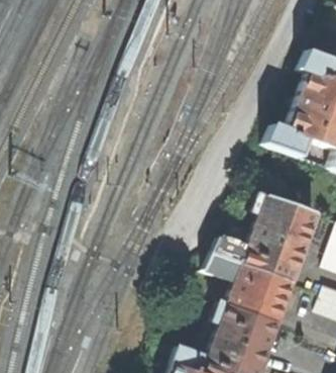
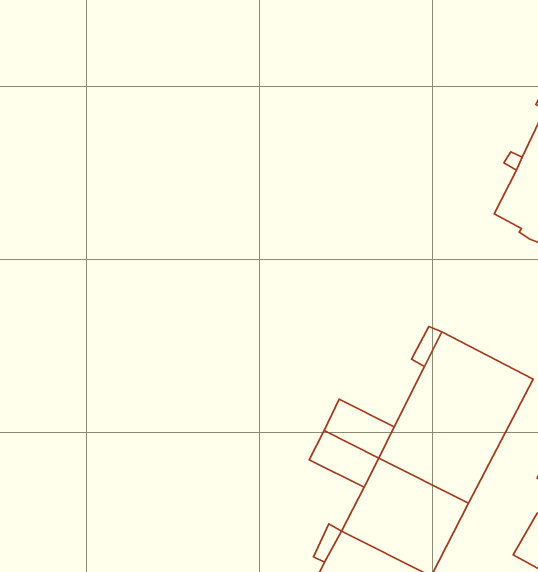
building: [266,124,309,157] -> none

